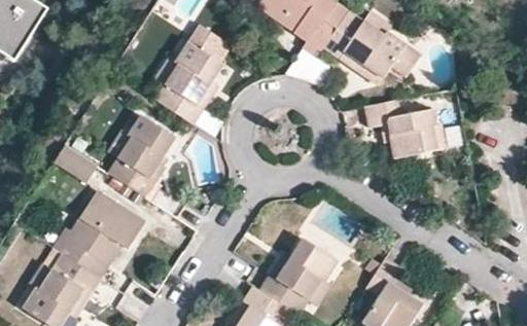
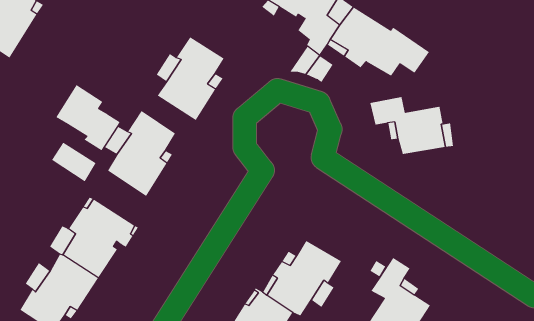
building: none -> [55,84,120,151]

